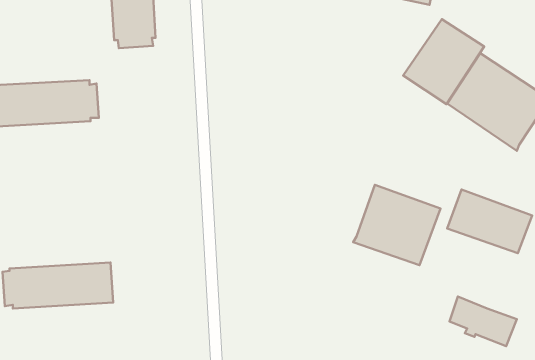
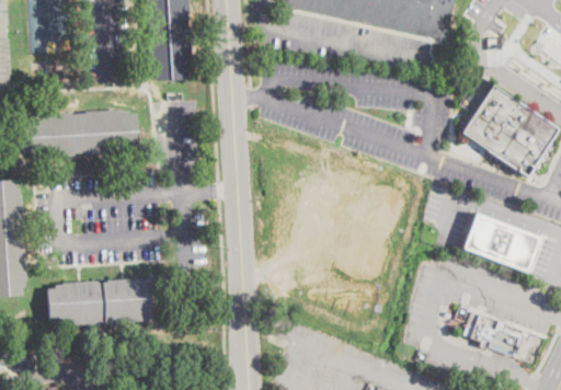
building: [403,19,484,104] -> none
building: [353,185,441,265] -> none

